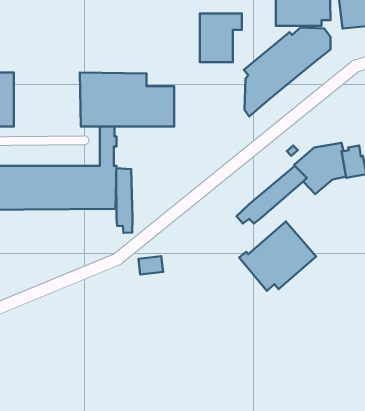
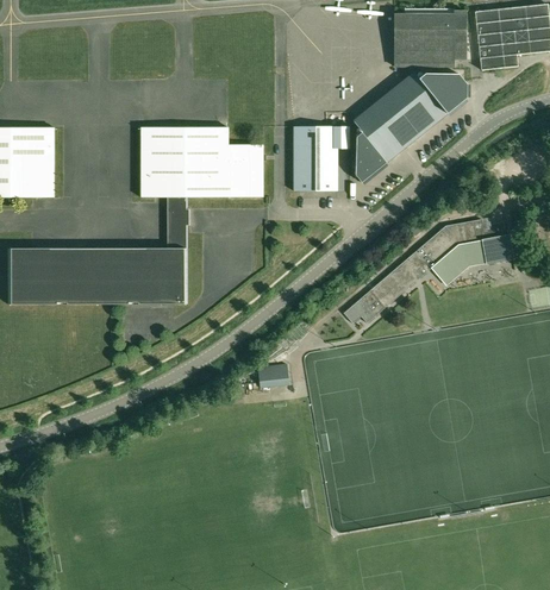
building: [200,14,242,62] -> [294,127,349,190]
building: [116,168,132,233] -> none
building: [239,222,316,291] -> none
building: [138,256,163,274] -> [257,364,289,388]

